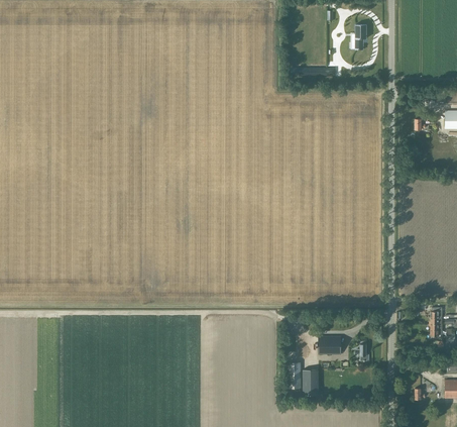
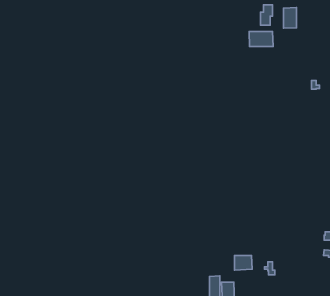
building: none -> [284,8,297,28]
building: none -> [249,32,273,46]

